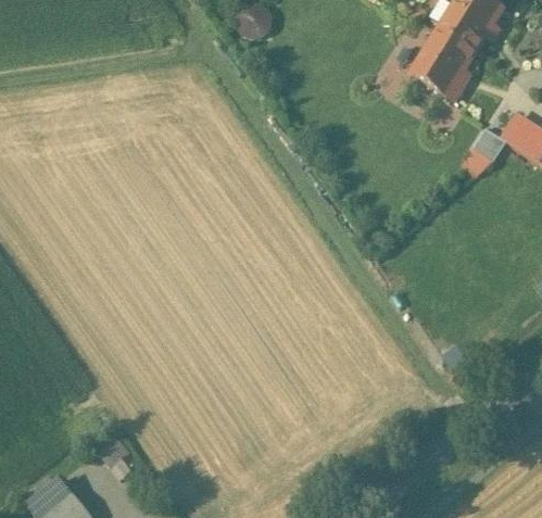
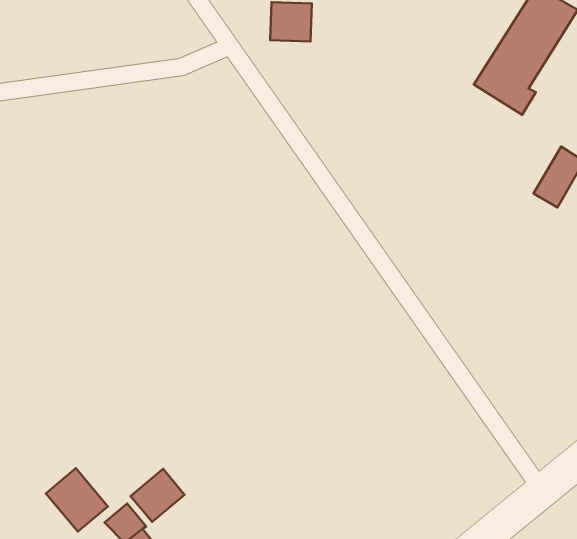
building: none -> [46,468,108,532]
building: none -> [130,469,185,522]

